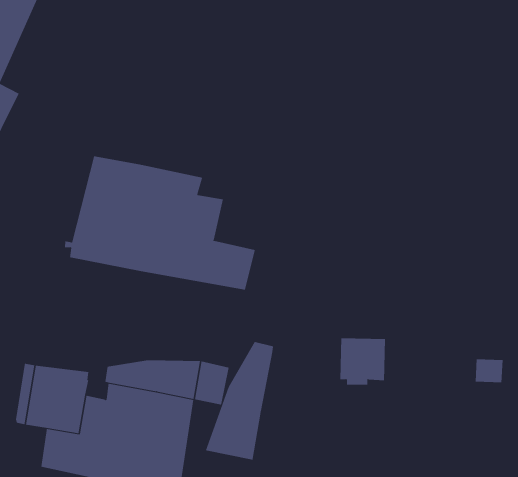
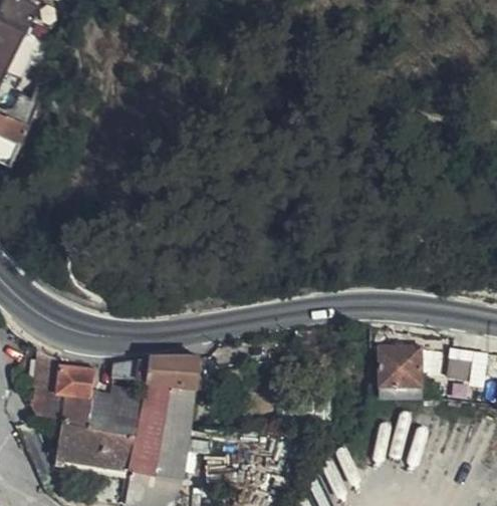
building: [64,155,256,290] -> none
building: [339,338,386,385] -> [377,352,419,396]
building: [205,341,273,460] -> none

